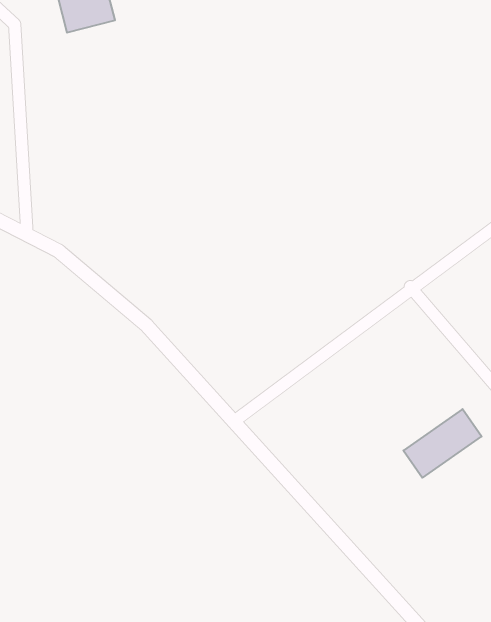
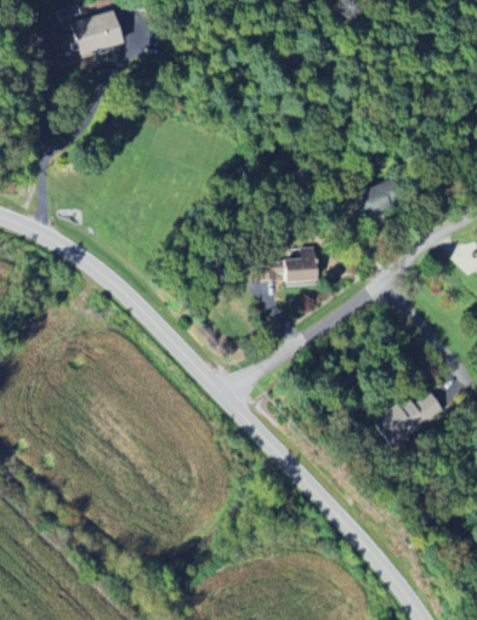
building: none -> [358,189,391,211]
building: none -> [267,257,316,280]

